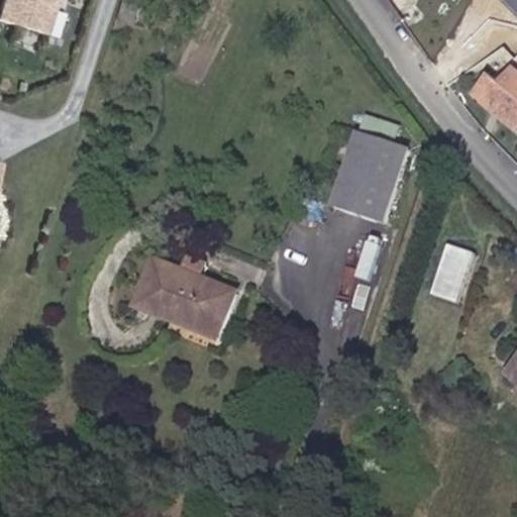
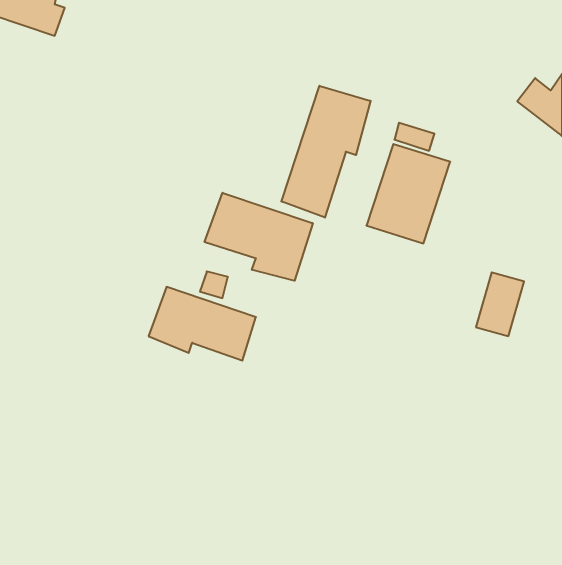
building: none -> [281,86,371,218]
building: none -> [205,193,313,281]

